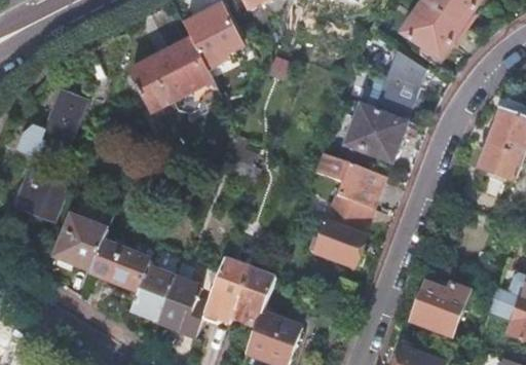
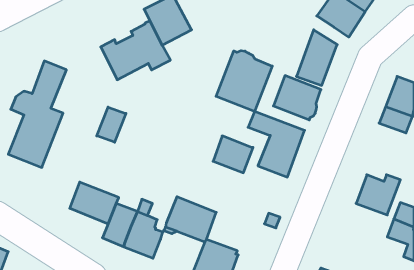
building: none -> [216,51,272,112]
building: none -> [97,107,126,142]
building: [54,216,108,270] -> none
building: [315,220,366,266] -> [213,136,253,173]
building: [414,284,469,334] -> [356,175,400,215]

